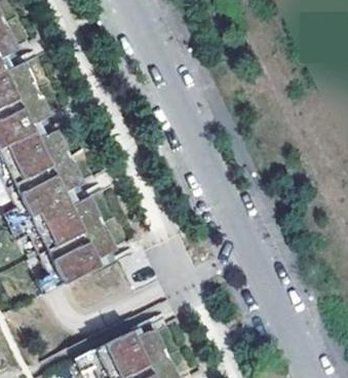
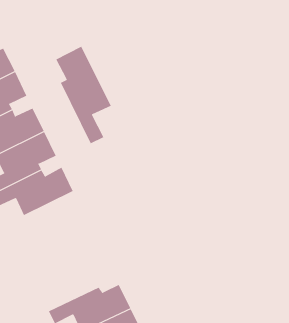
building: none -> [56,46,112,144]
building: [37,223,117,295] -> none

